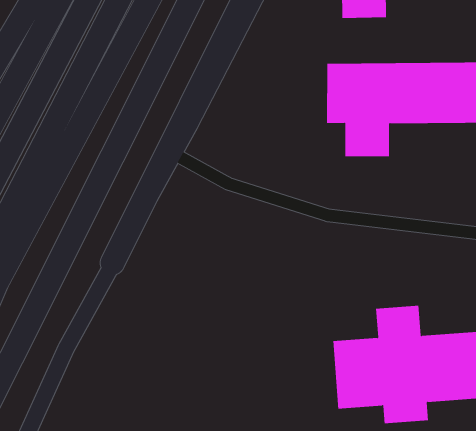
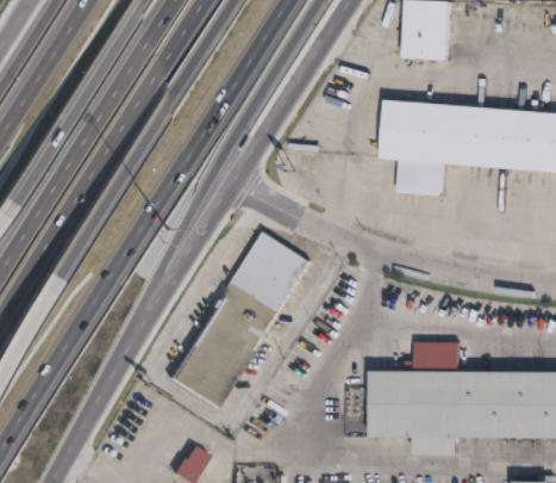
building: none -> [168,234,308,411]

